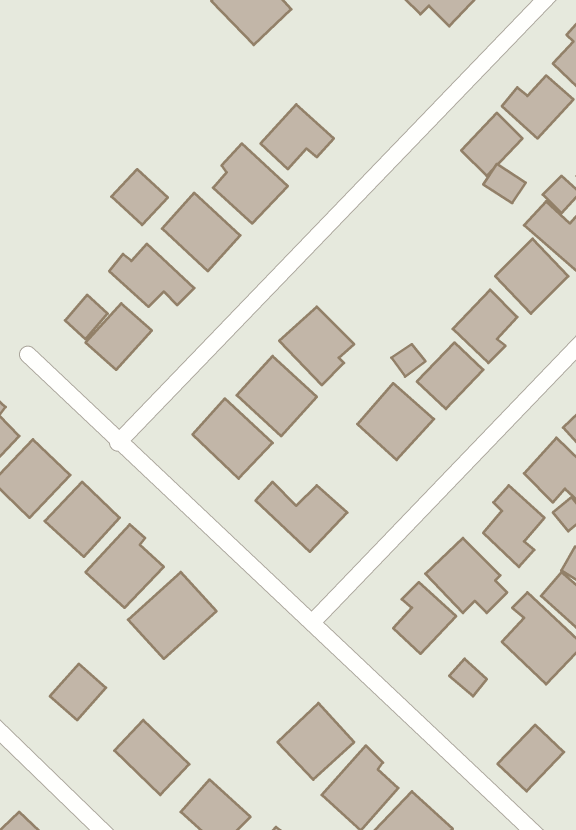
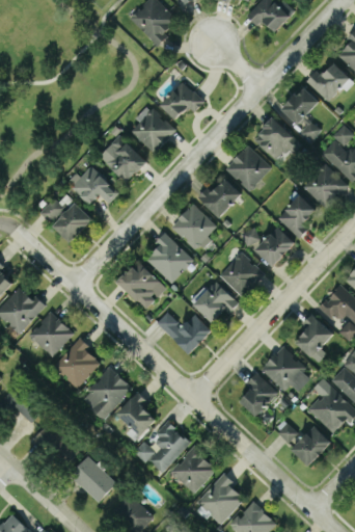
building: none -> [253,118,302,160]
building: [111,169,168,225] -> none
building: none -> [225,145,272,191]
building: none -> [198,179,242,218]
building: none -> [193,281,239,323]
building: none -> [117,395,159,436]
building: none -> [133,421,191,474]
building: [498,725,564,791] -> [292,426,332,467]

